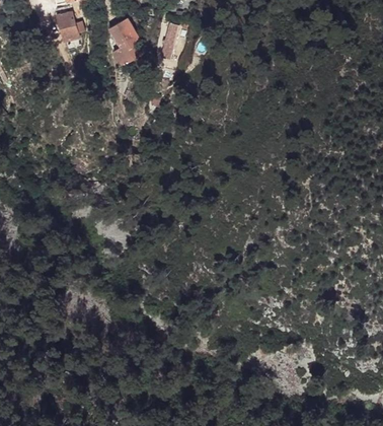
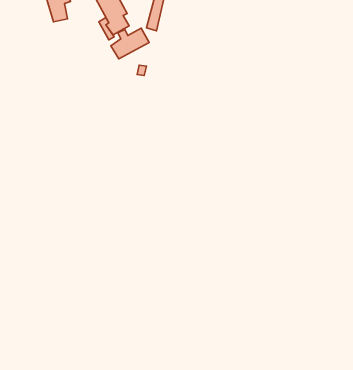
building: none -> [111,28,149,59]

